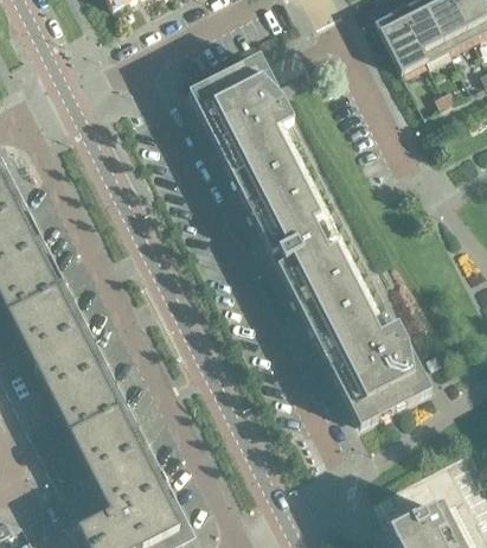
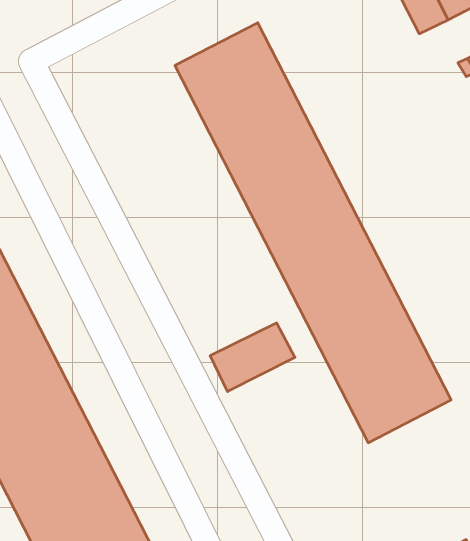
building: none -> [210,323,295,392]

